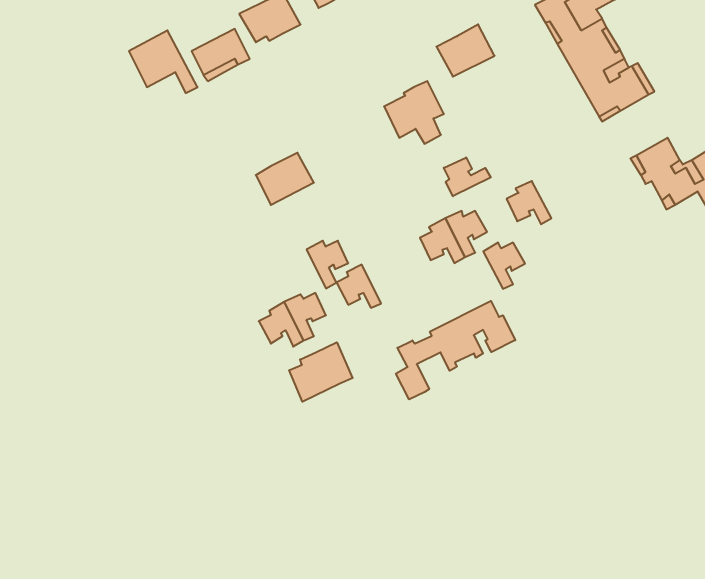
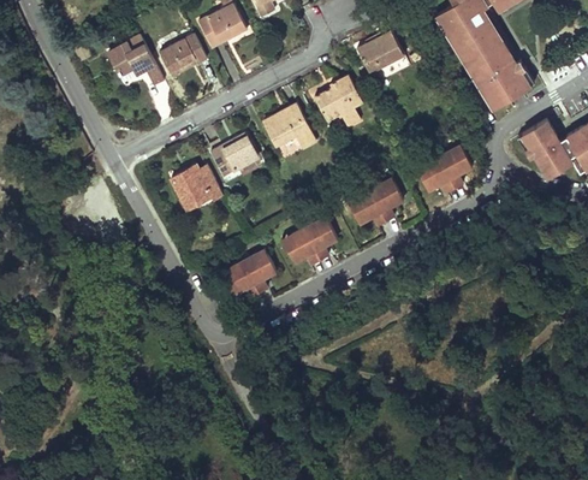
building: none -> [265,106,316,149]
building: [444,157,491,196] -> none
building: none -> [172,165,224,209]
building: [307,241,348,288] -> [297,218,331,256]
building: [483,243,525,289] -> [434,150,468,188]
building: [396,301,515,399] -> none
building: [289,342,353,402] -> none

